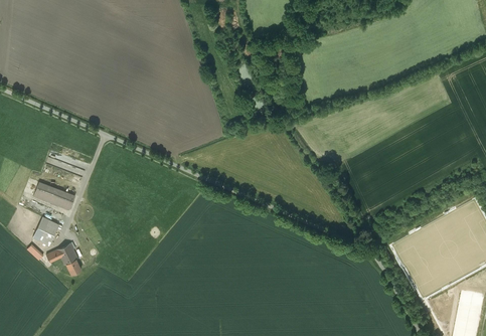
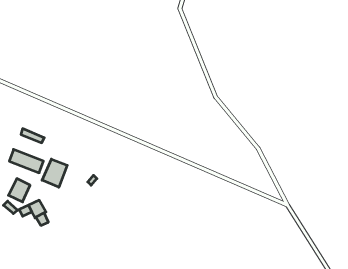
building: none -> [42,159,67,187]

